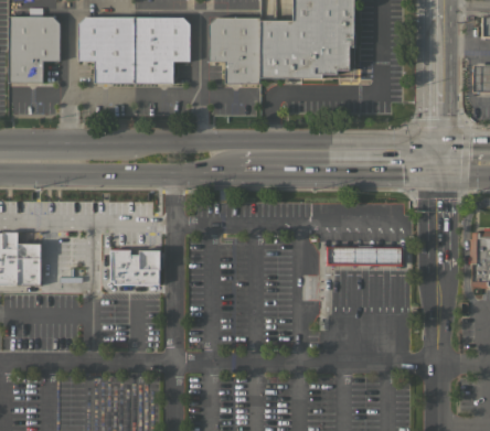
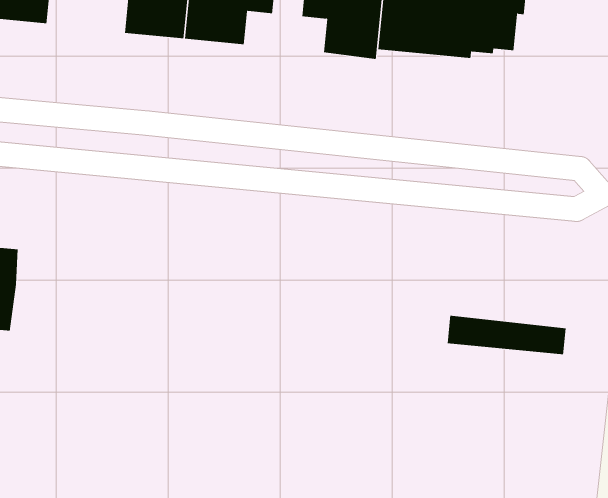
building: [109,250,160,284] -> none

